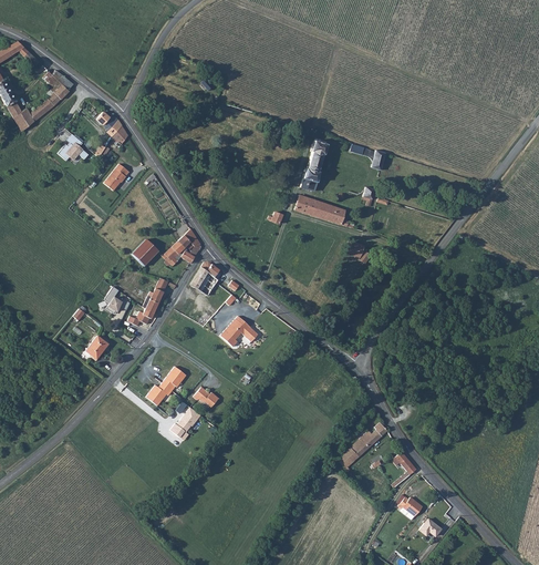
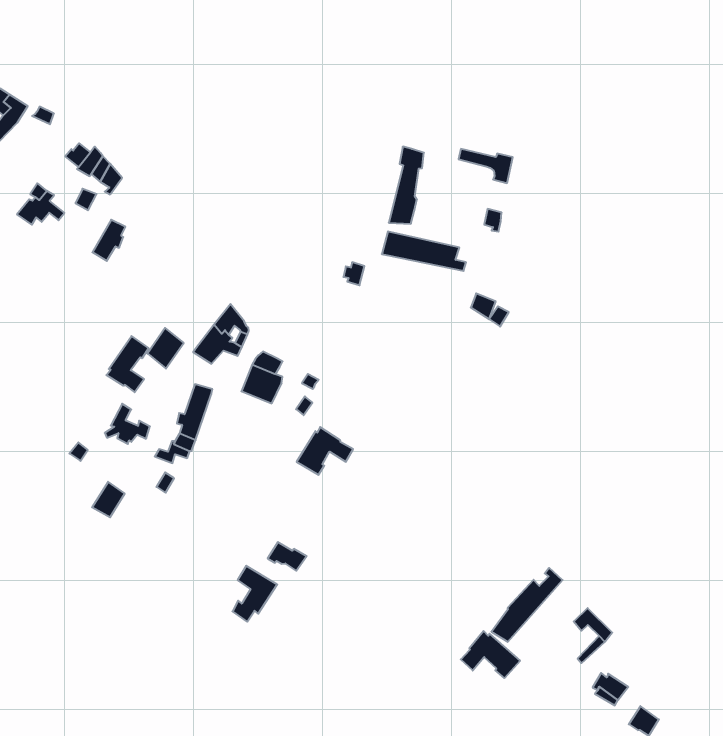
building: none -> [106,336,149,392]
building: [148,367,188,407] -> none
building: none -> [461,631,520,678]

